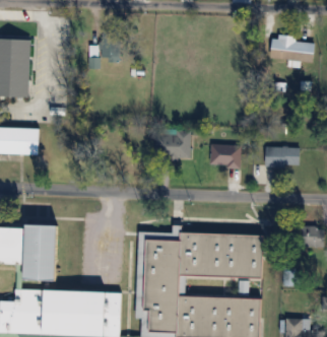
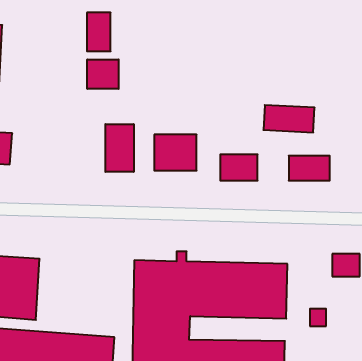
building: [271,39,313,61] -> [263,105,315,132]
building: none -> [87,59,119,89]
building: none -> [105,124,134,172]

